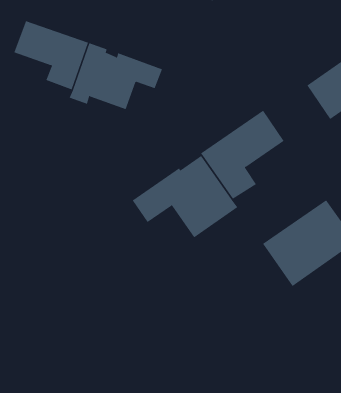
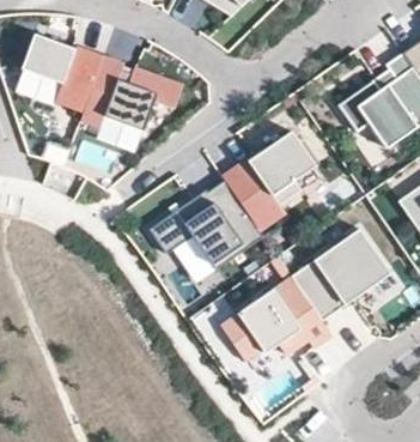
building: none -> [220,276,333,362]

